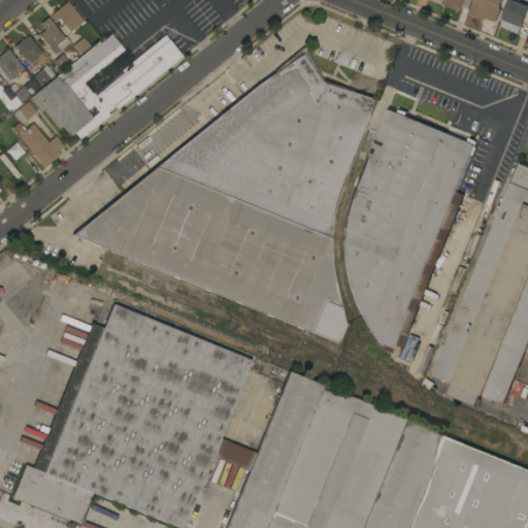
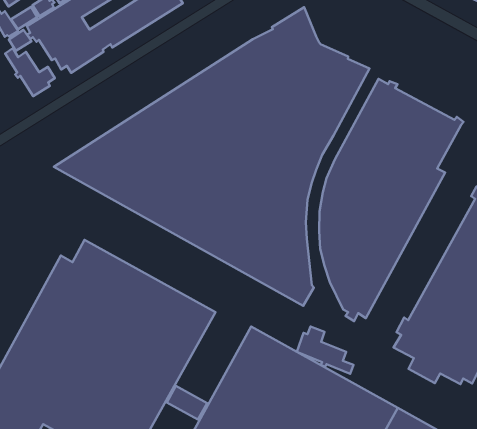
building: none -> [297,326,354,374]

